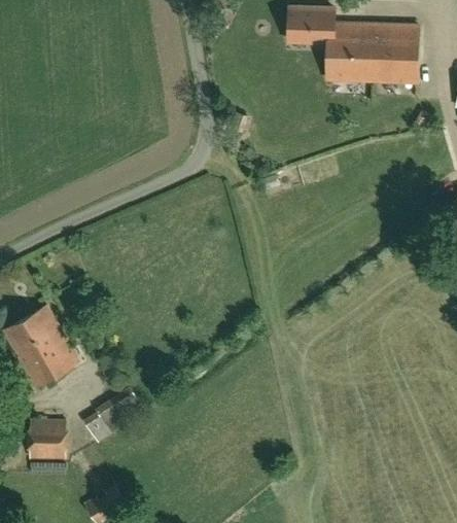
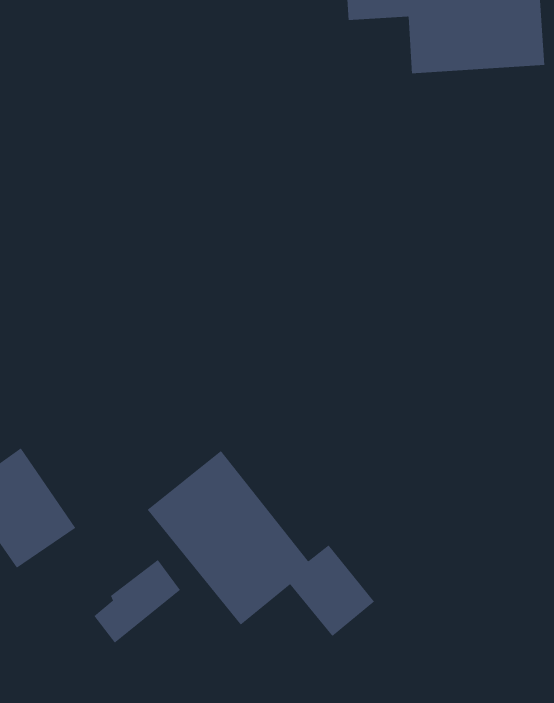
building: none -> [147,450,375,637]
building: [29,418,66,459] -> none

